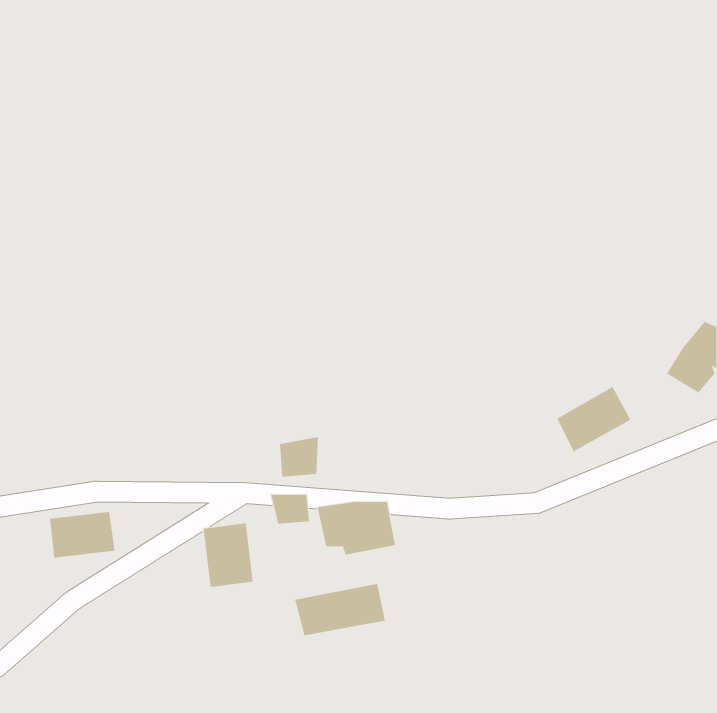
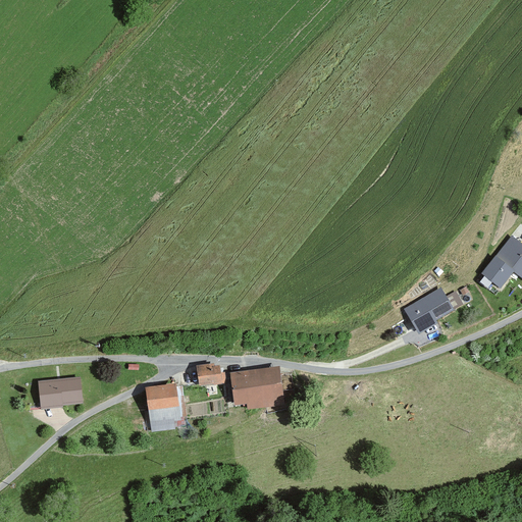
building: [280,436,318,478] -> none
building: [295,583,386,636] -> none

